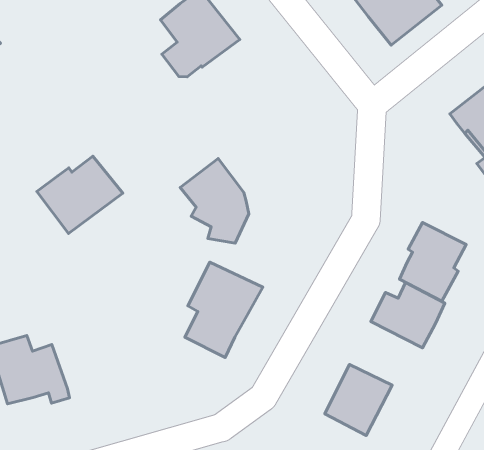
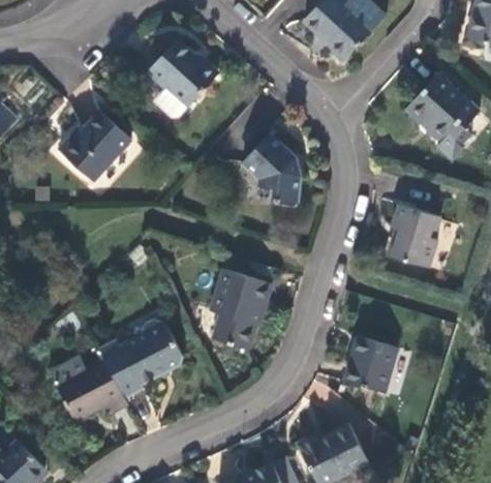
building: [37,156,123,234] -> [58,113,131,182]
building: [180,159,249,243] -> [242,135,304,205]
building: [371,282,445,348] -> none
building: none -> [96,319,183,398]

